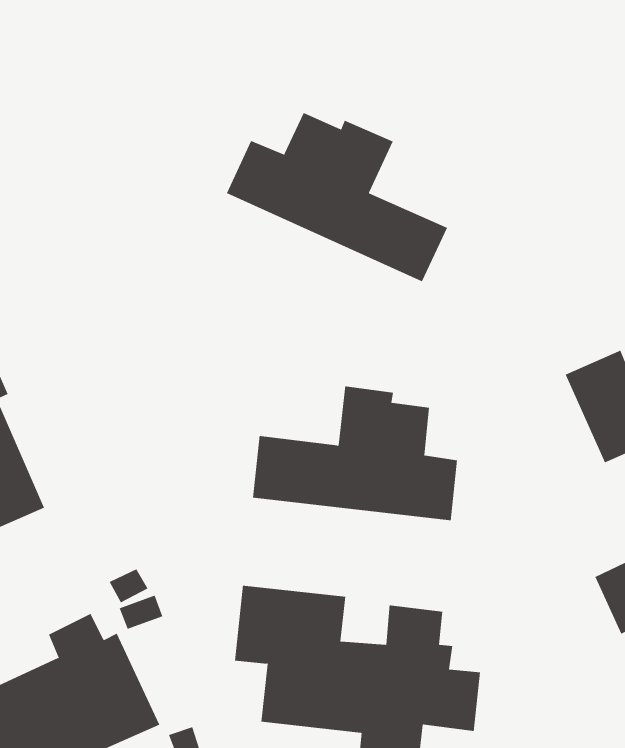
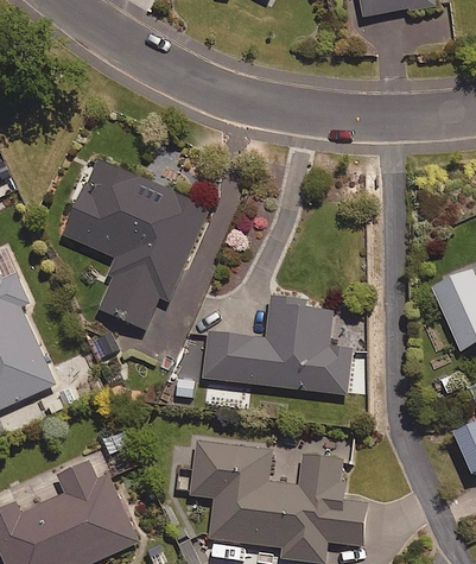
building: [226,112,448,282] -> none
building: none -> [64,158,210,329]

